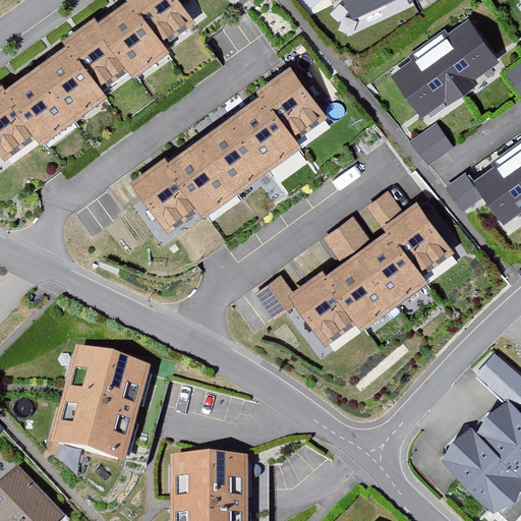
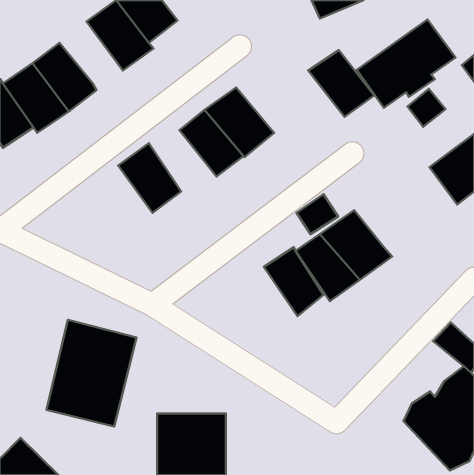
building: [62,19,129,92] -> none
building: [255,66,328,139] -> [308,50,374,117]
building: [411,120,453,162] -> [407,89,446,127]
building: [168,142,237,217] -> none
building: [386,199,454,271] -> none

